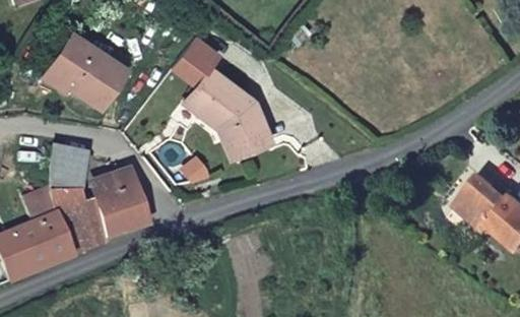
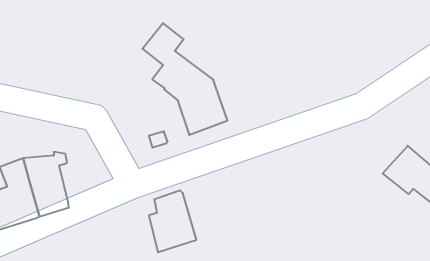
building: [42,36,124,113] -> none
building: [45,143,82,191] -> none
building: [85,171,139,241] -> [149,190,196,252]

